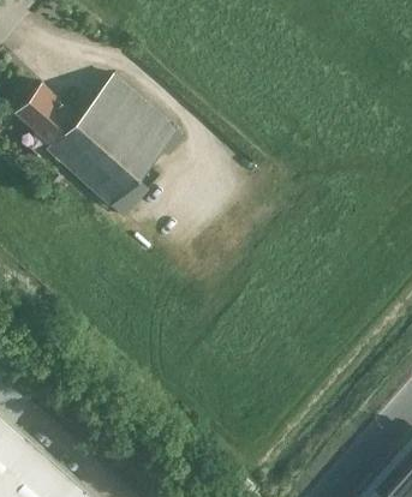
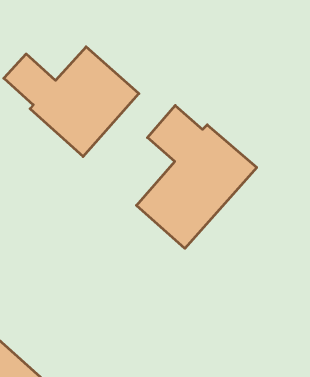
building: none -> [136,105,257,248]

